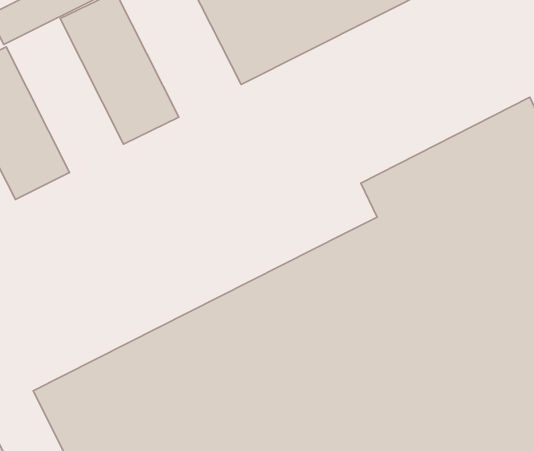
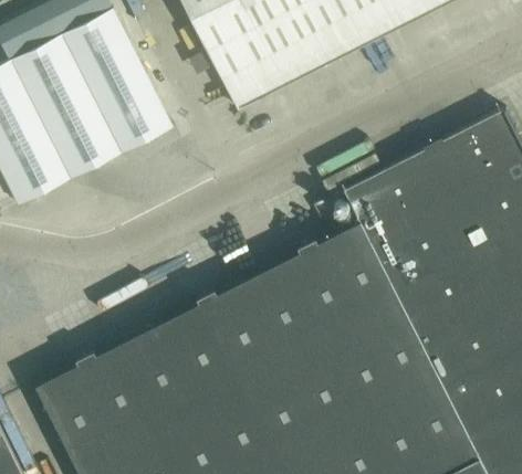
building: none -> [10,35,121,180]

